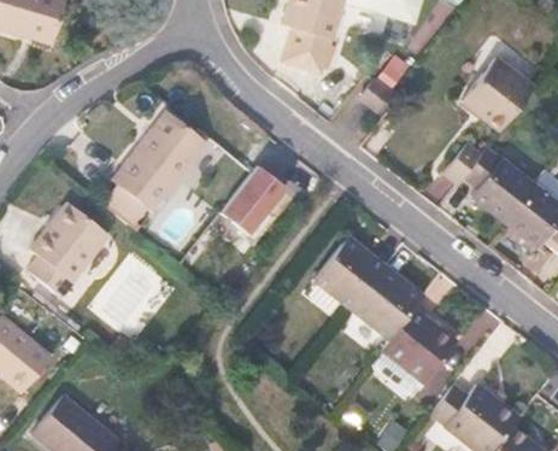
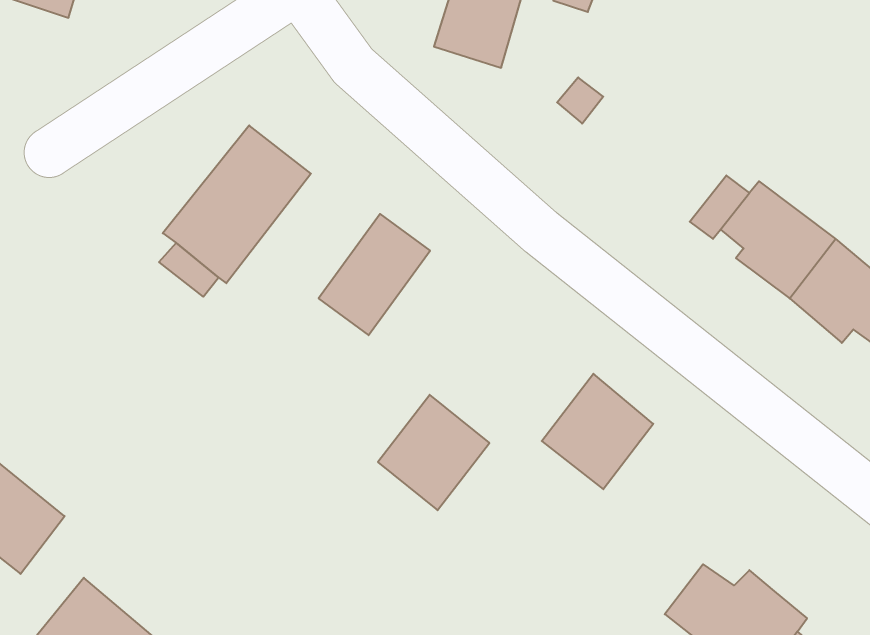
building: [462,55,534,129] -> none
building: [27,203,107,297] -> none
building: [313,236,383,309] -> [378,395,489,510]
building: [380,309,456,385] -> none

